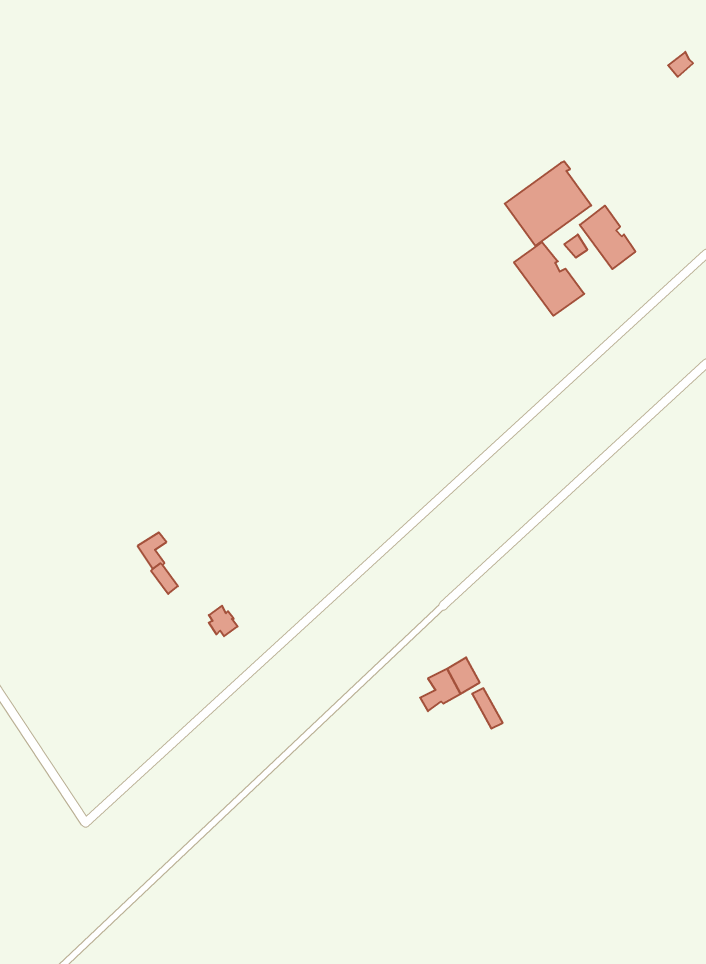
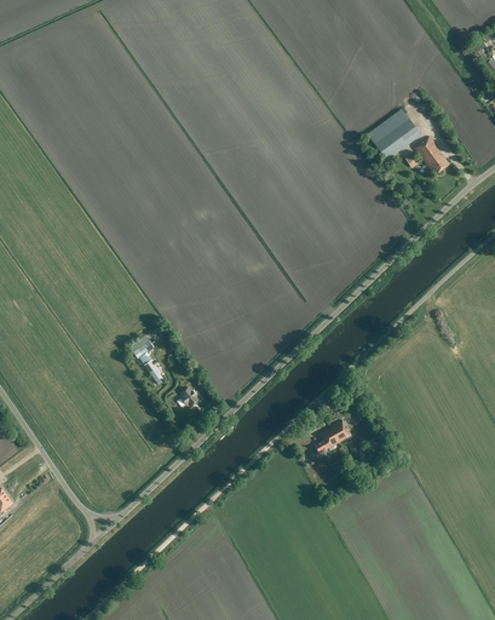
building: [514,242,584,316] -> none

